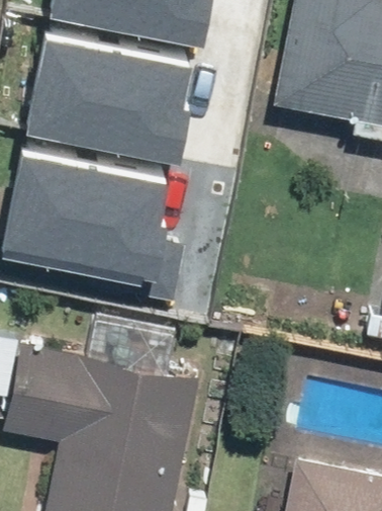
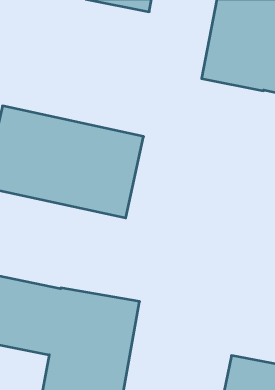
building: [30,23,196,142] -> none

